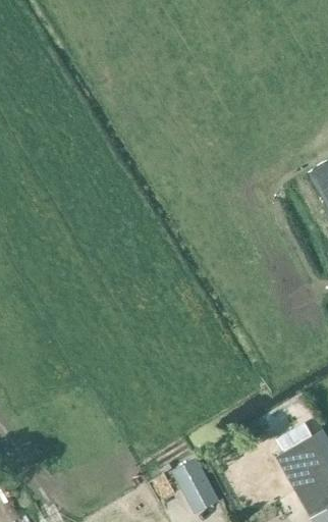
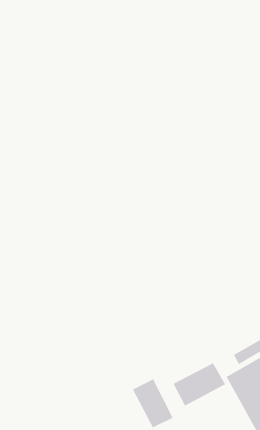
building: none -> [173,362,226,406]

